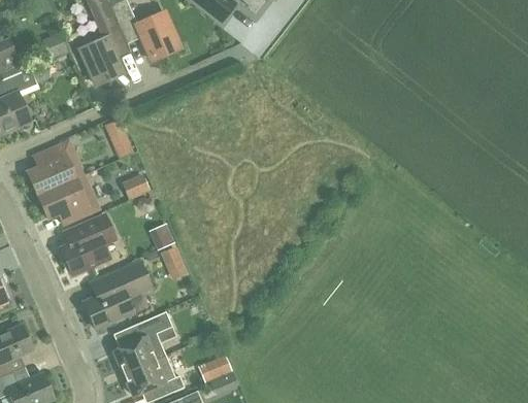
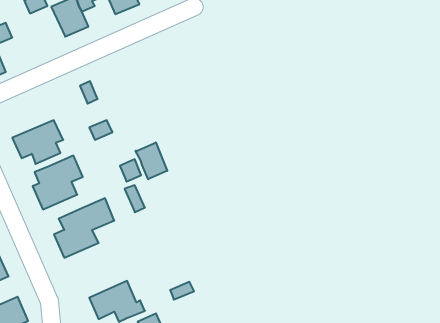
building: [28,144,84,196] -> none
building: none -> [136,142,167,179]
building: [113,312,172,373] -> none

